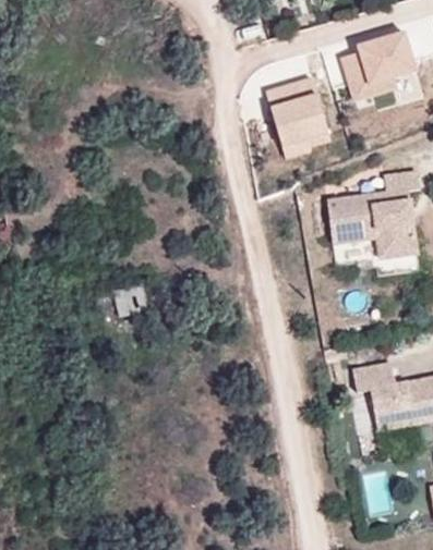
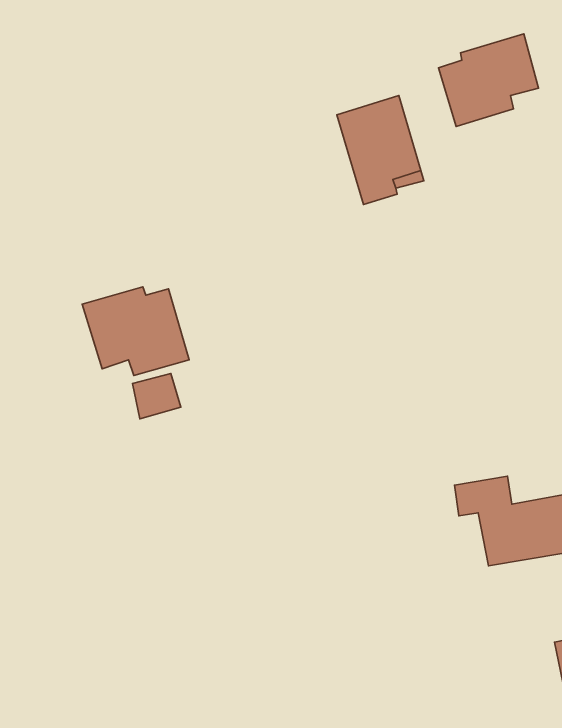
building: [327,173,421,261] -> none
building: none -> [82,287,189,375]

